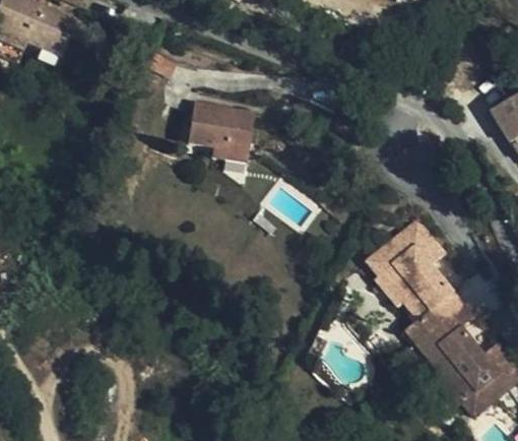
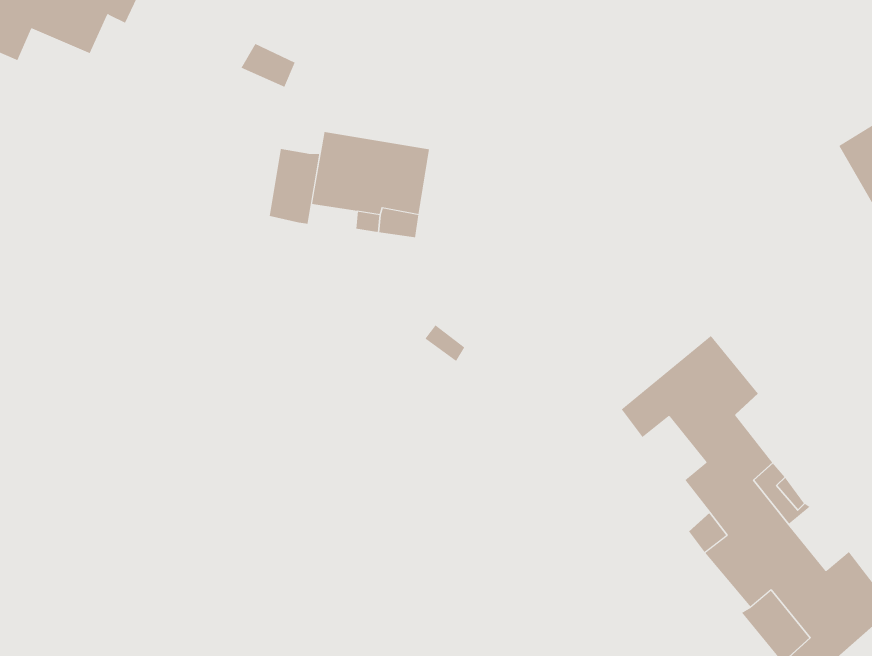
building: none -> [269,148,320,224]
building: [375,264,414,306] -> none

